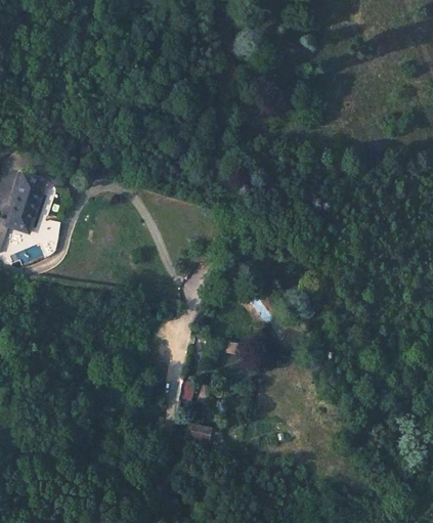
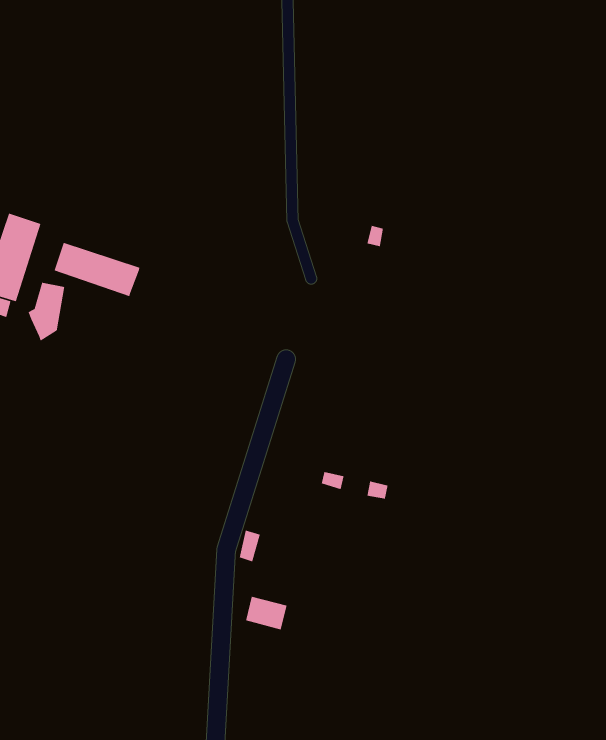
building: none -> [54,242,140,297]

